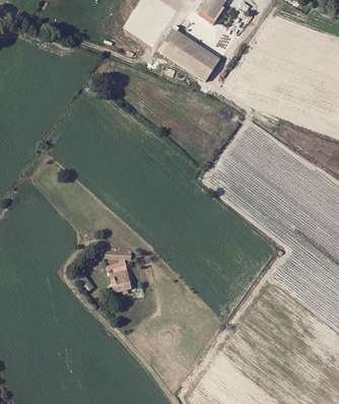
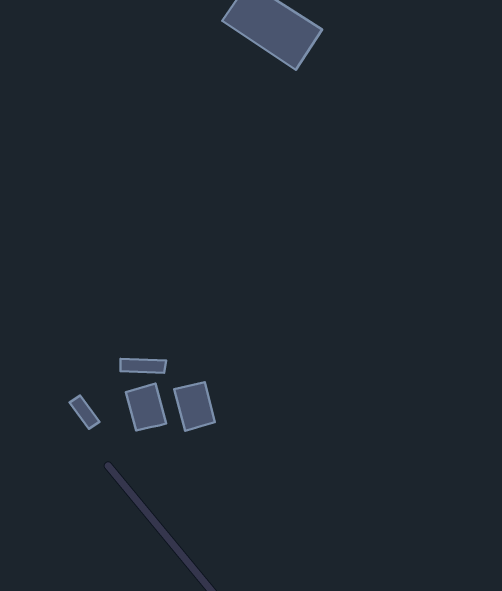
building: none -> [174,382,215,431]

